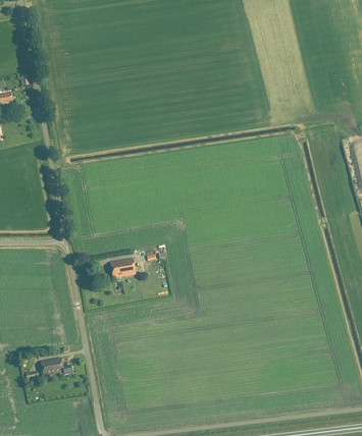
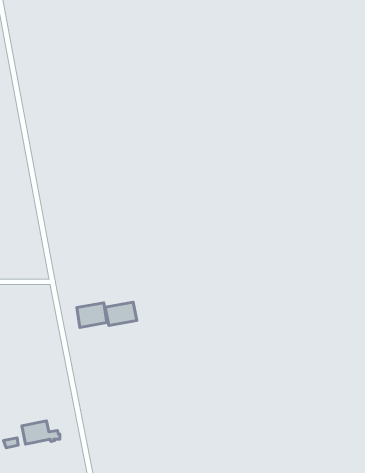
building: none -> [77,303,107,327]

